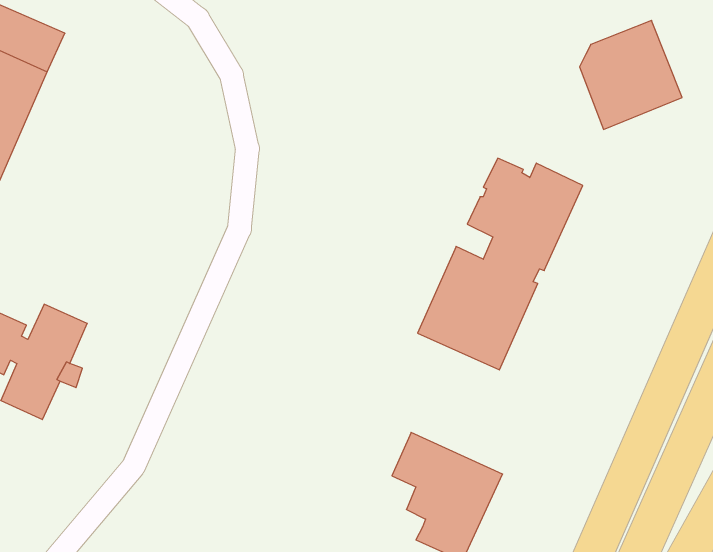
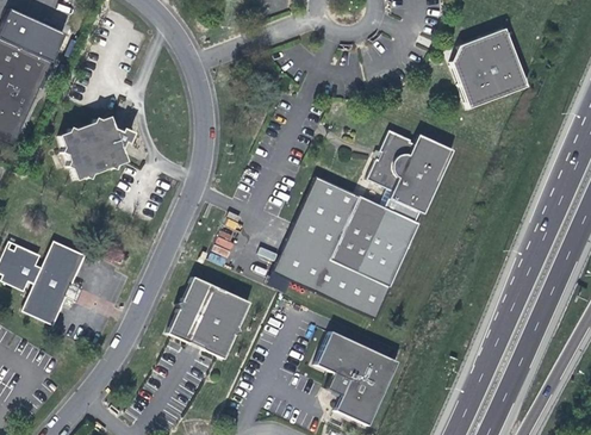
building: none -> [57,113,132,178]
building: none -> [274,180,391,322]
building: none -> [166,275,248,359]

